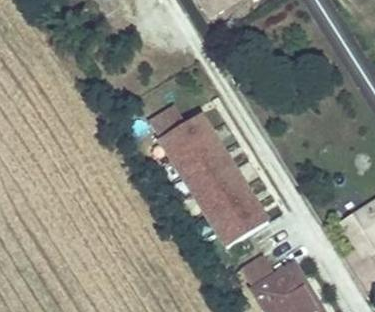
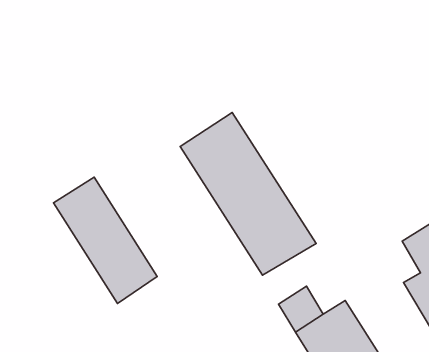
building: none -> [53,177,157,304]

